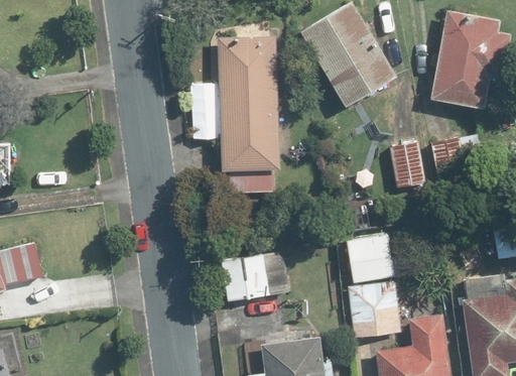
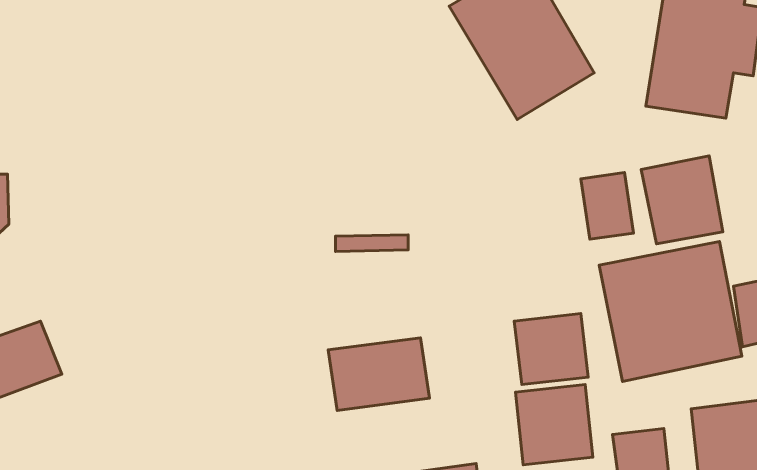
building: [206,35,279,169] -> none
building: none -> [599,241,742,381]

